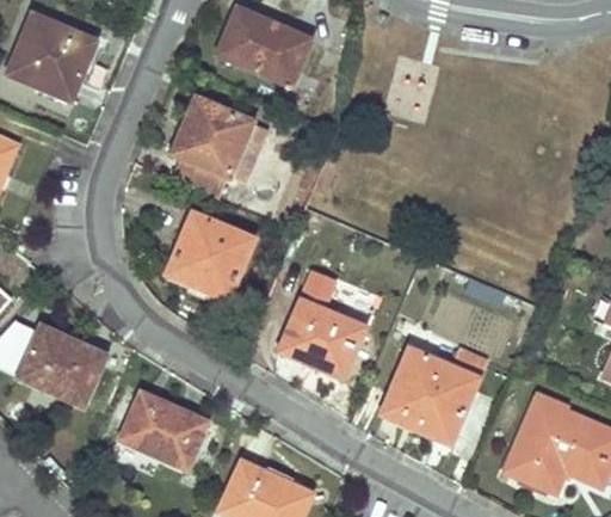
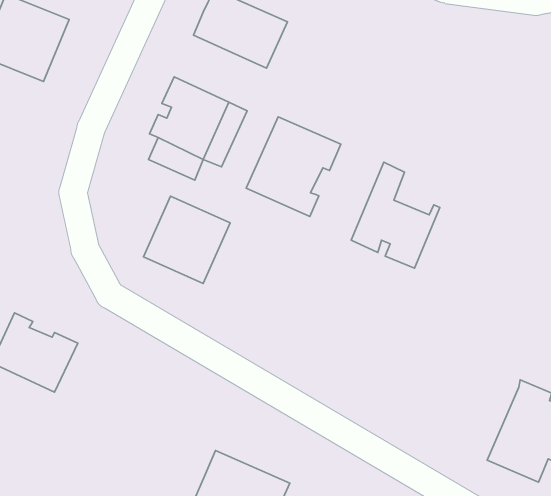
building: none -> [246,117,341,216]
building: [280,272,368,376] -> [351,162,440,268]
building: [381,347,485,437] -> none
building: [117,392,203,468] -> none

